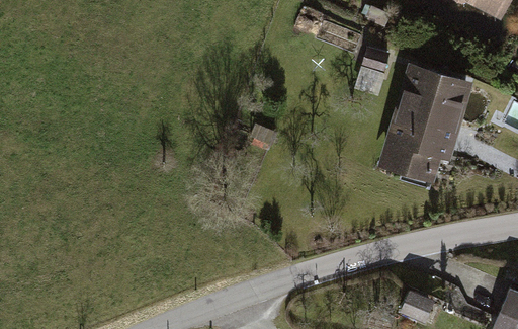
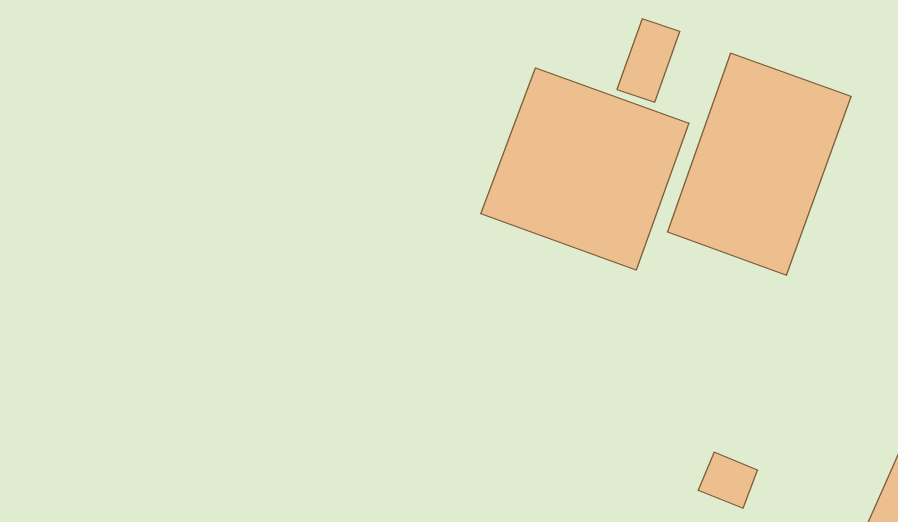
building: none -> [481,68,689,270]

